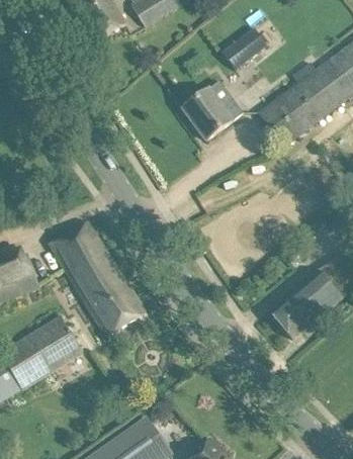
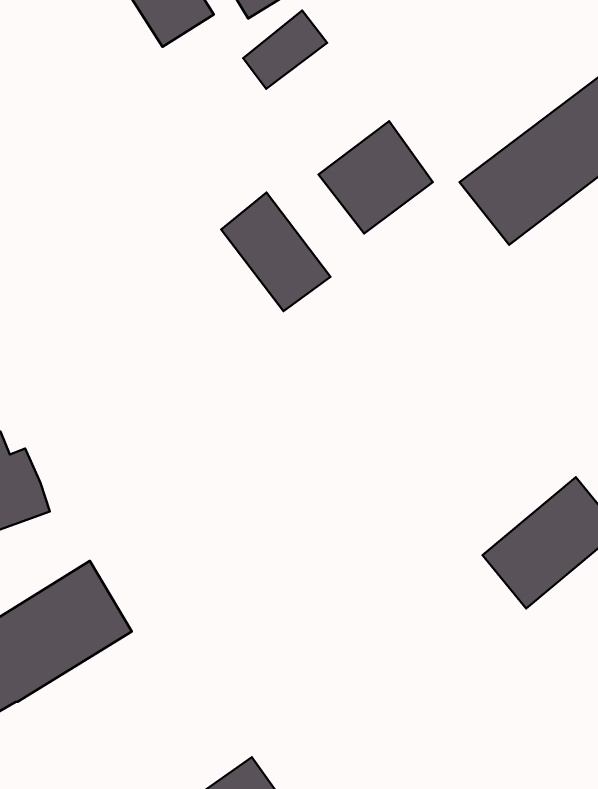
building: [223,26,267,68] -> [243,11,327,89]
building: none -> [221,193,331,311]
building: [50,221,147,336] -> none

